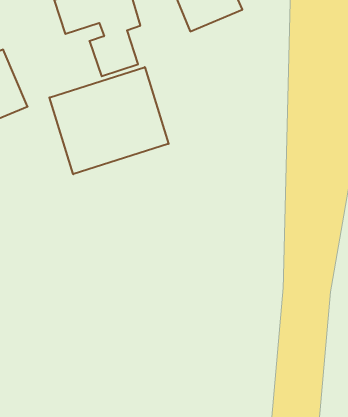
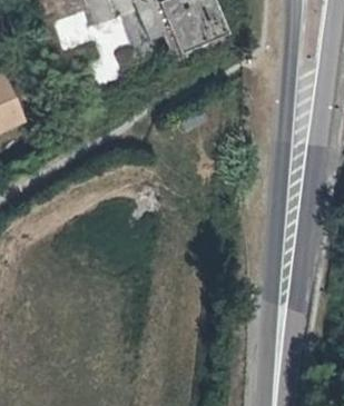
building: [49,67,169,174] -> none

